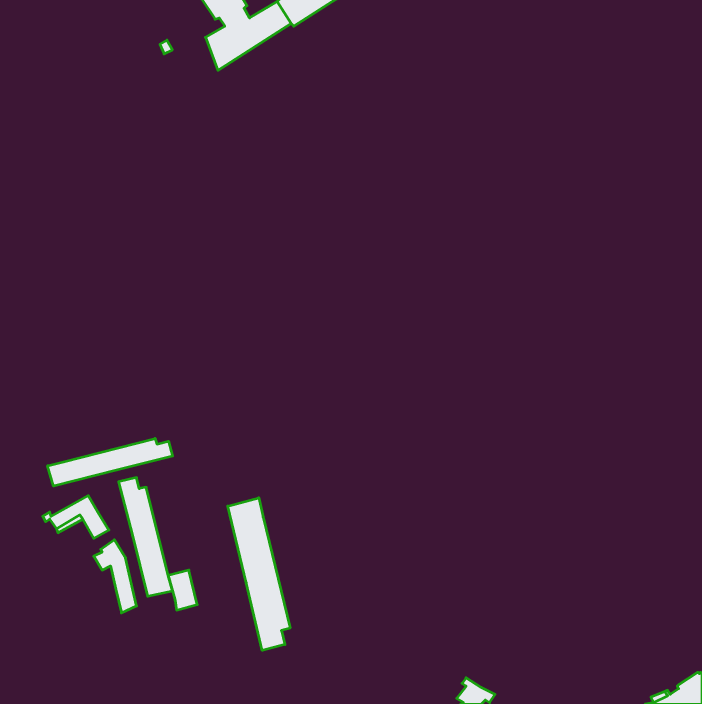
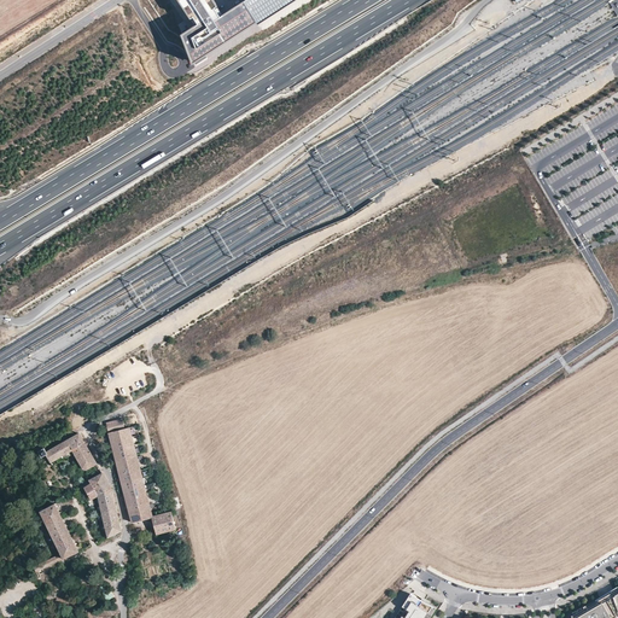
building: [48,438,173,486] -> none
building: [228,498,290,650] -> none
building: none -> [31,503,77,573]

